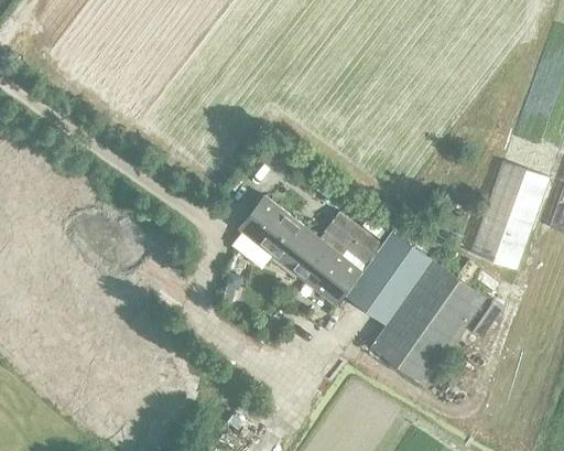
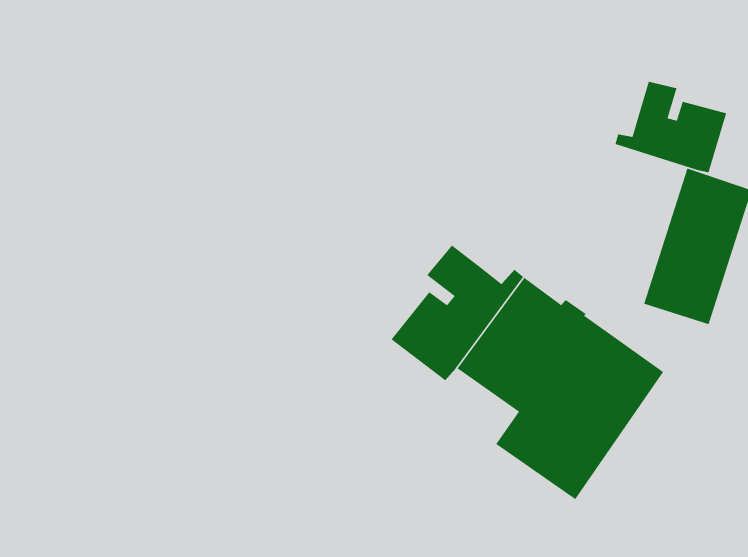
building: none -> [615,81,727,173]
building: [237,187,323,276] -> none

